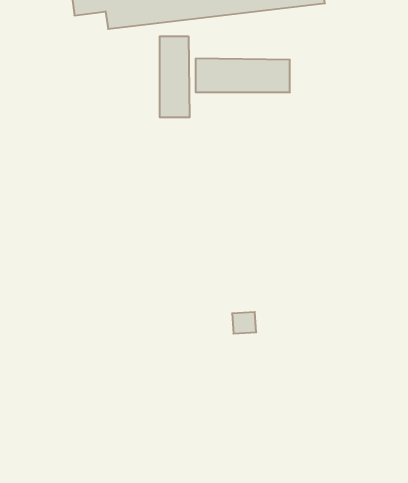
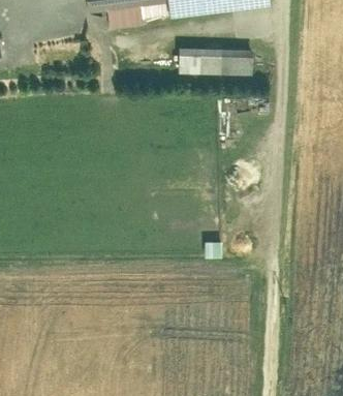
building: [160,36,190,117] -> none

